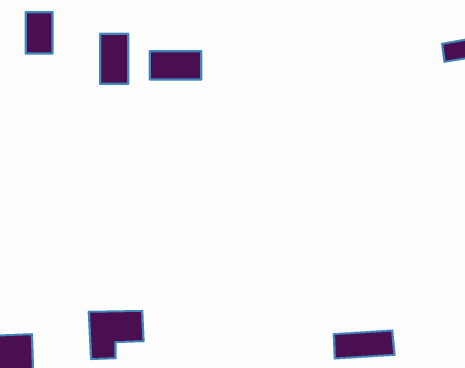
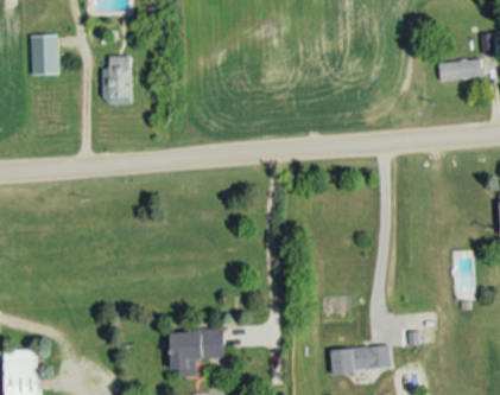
building: [150,51,201,79] -> none
building: [89,311,143,359] -> [170,329,223,376]

